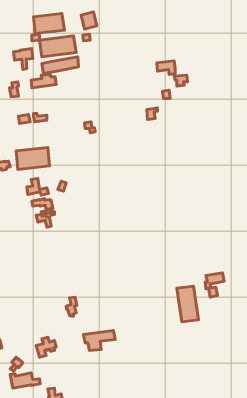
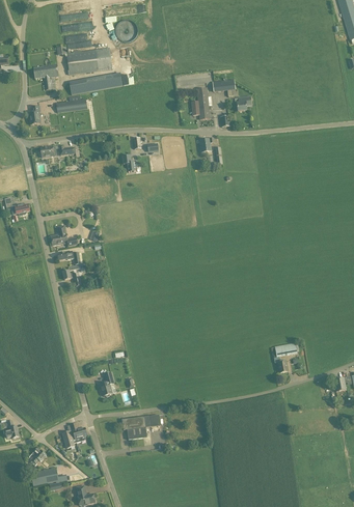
building: none -> [191,87,210,119]
building: [16,147,50,169] -> none
building: [177,286,199,322] -> none

